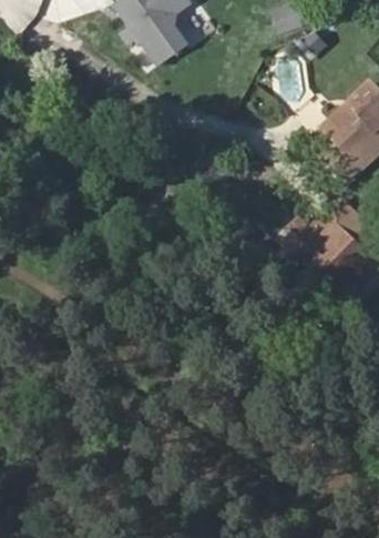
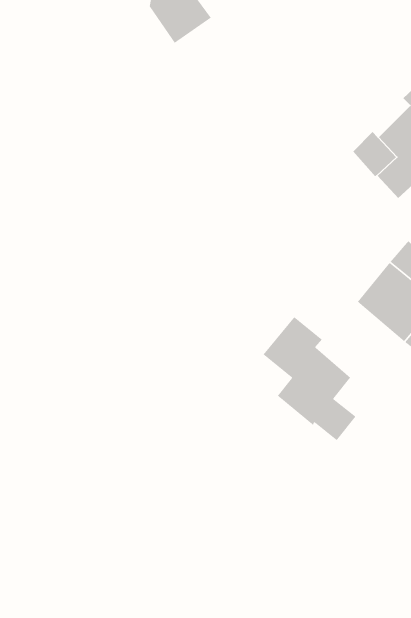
building: none -> [262,316,357,441]

